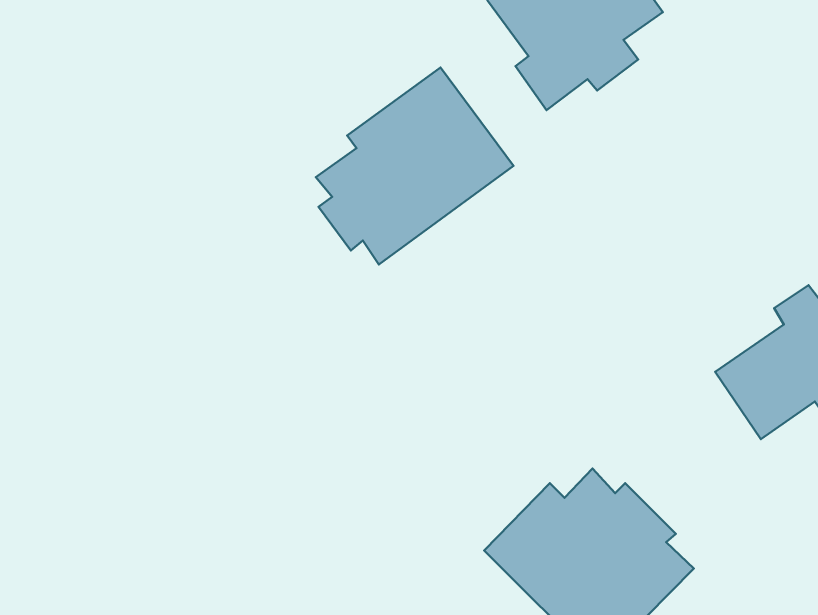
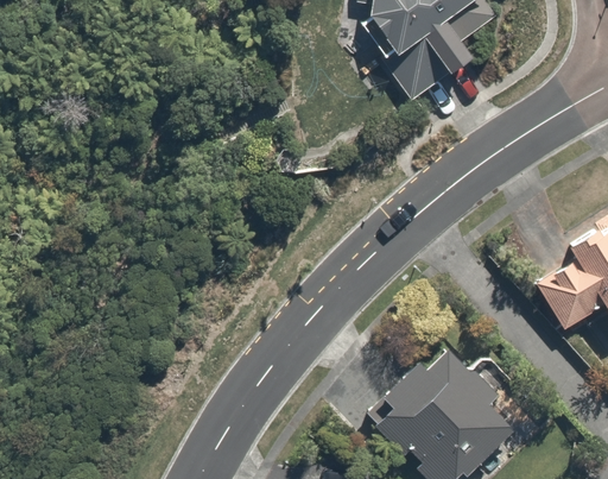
building: [316,68,513,265] -> none

